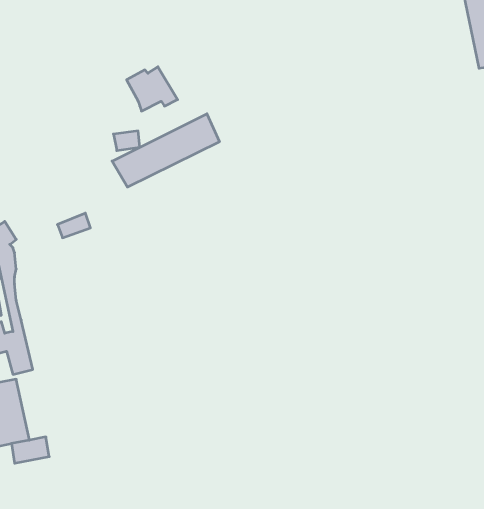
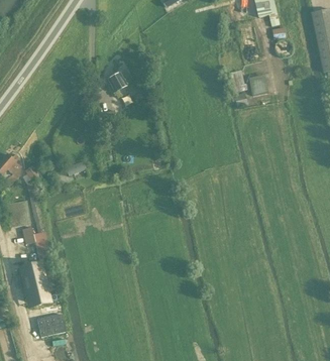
building: [112,114,219,187] -> none
building: none -> [35,313,64,336]

